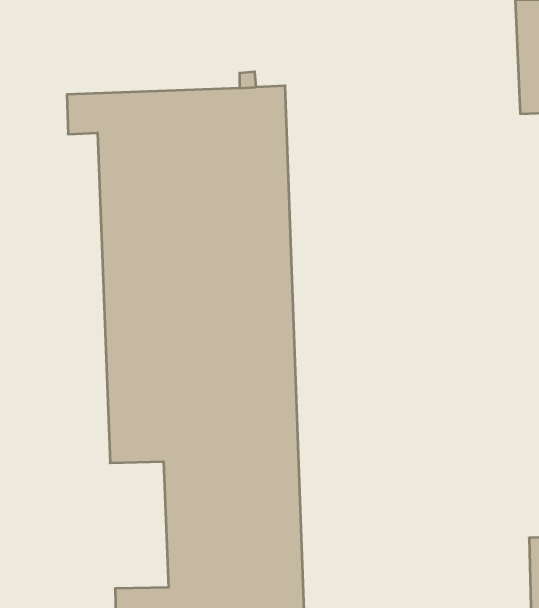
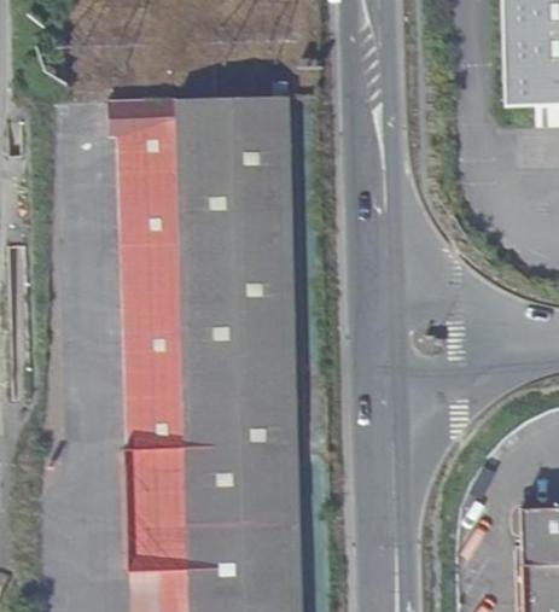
building: none -> [123,439,179,560]

